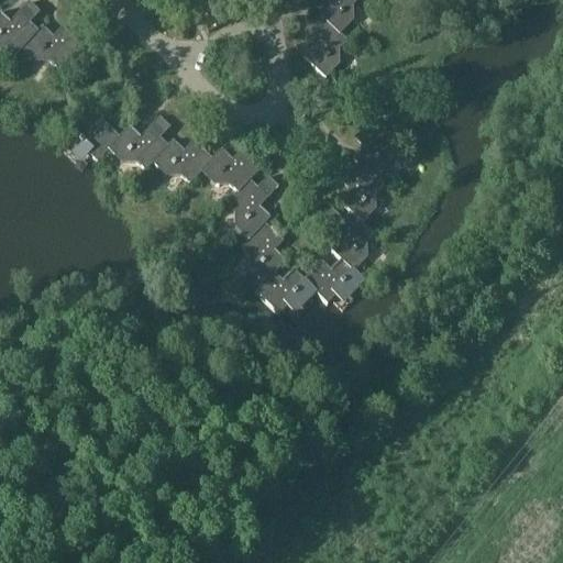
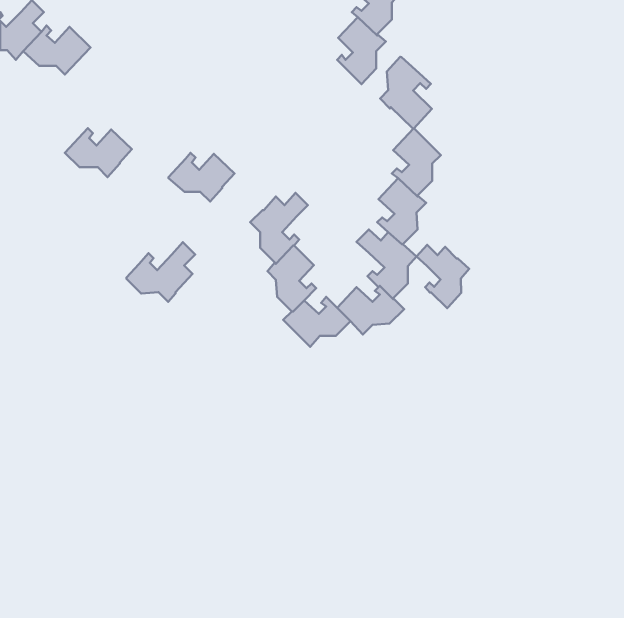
building: none -> [380,57,432,128]
building: [108,114,169,168] -> [127,242,195,302]
building: [200,146,261,189] -> none
building: none -> [416,245,469,308]

